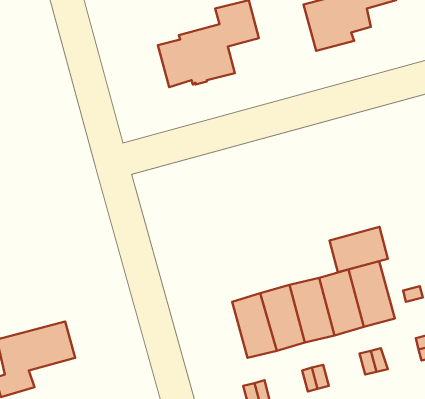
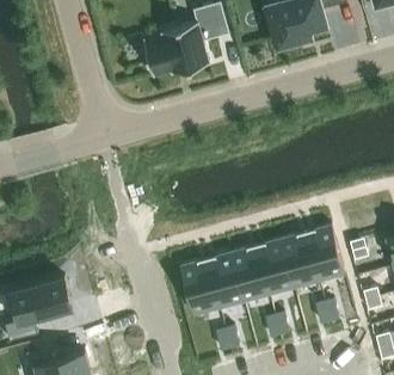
building: [329,227,388,272] -> none
building: none -> [180,259,220,314]

